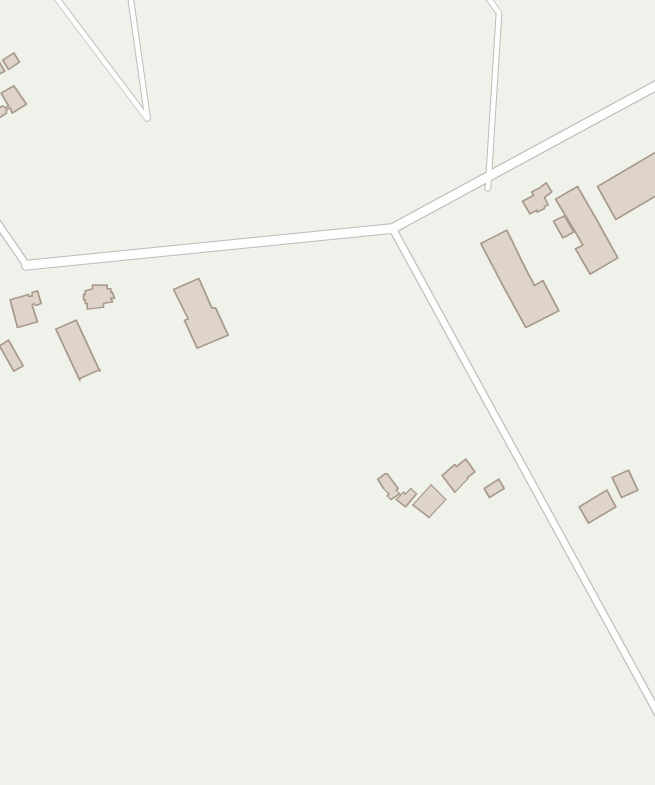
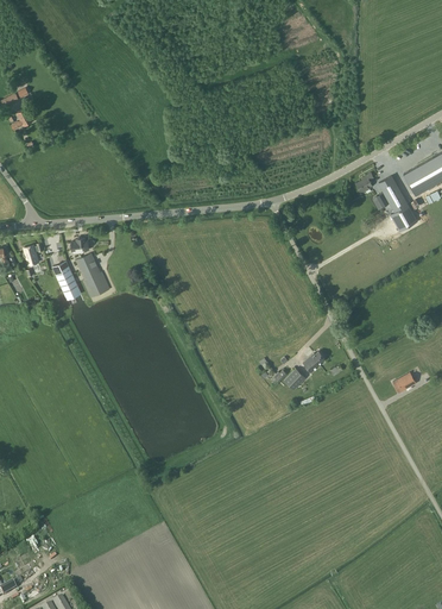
building: [481,230,559,327] -> none
building: [173,279,228,348] -> [75,252,111,297]

